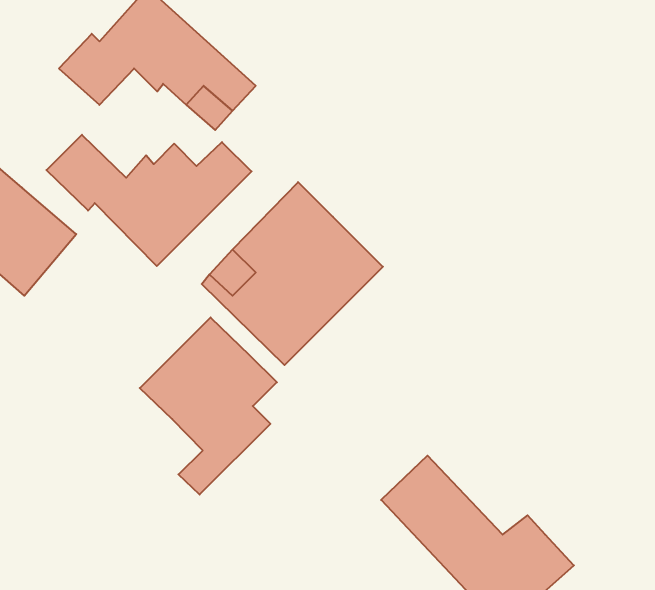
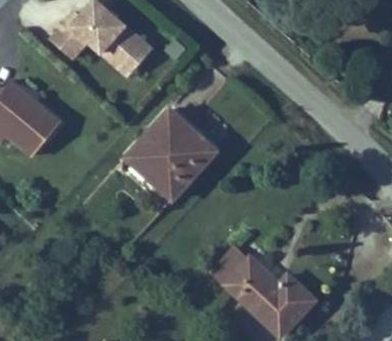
building: [46,135,252,266] -> none
building: [140,317,277,495] -> none

